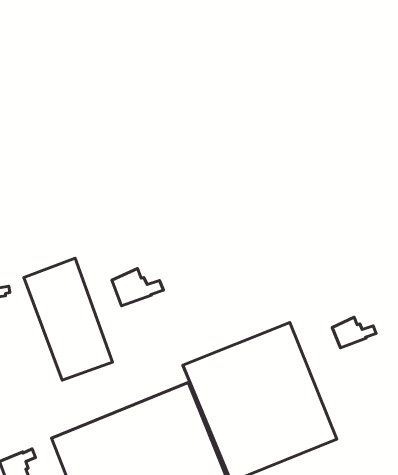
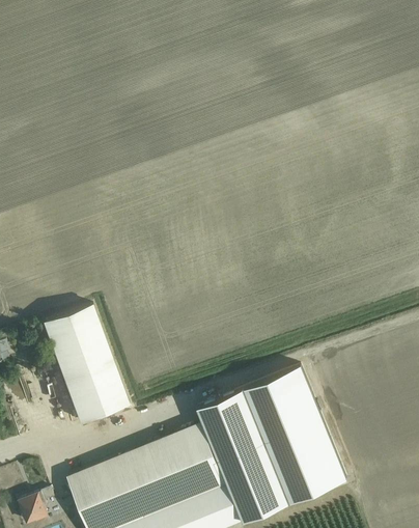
building: [112,268,163,306] -> none
building: [332,317,376,348] -> none

